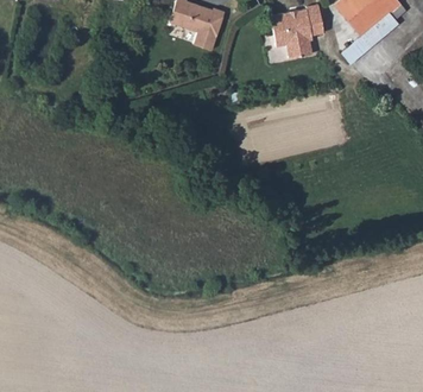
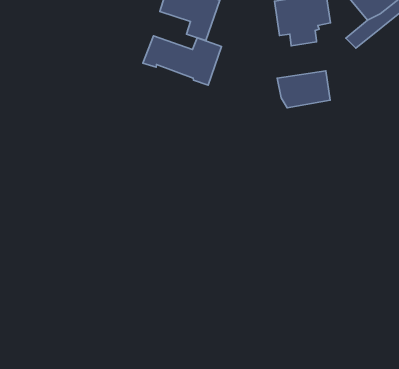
building: none -> [143,36,221,85]
building: none -> [277,71,330,108]

